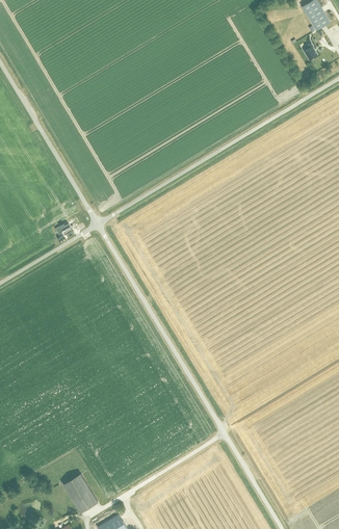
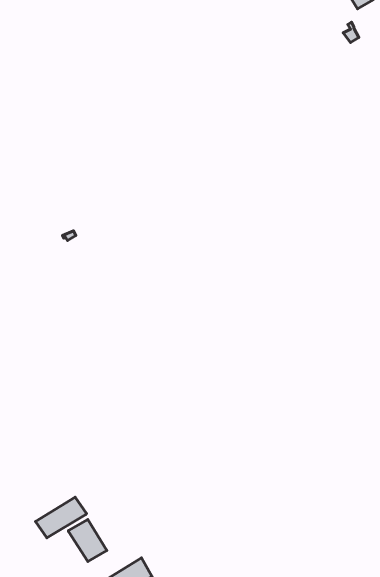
building: none -> [36,497,86,538]

